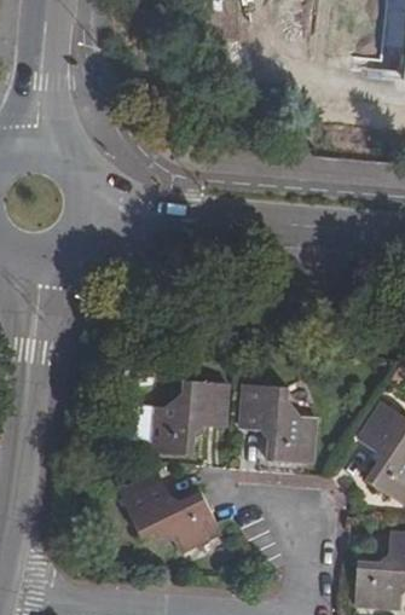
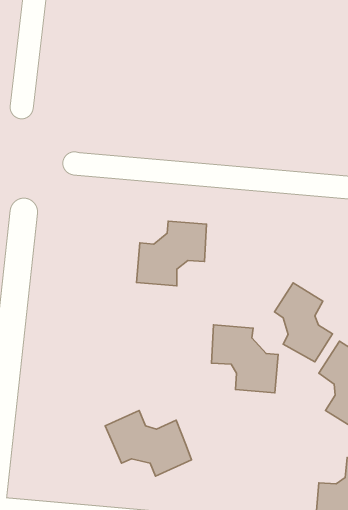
building: none -> [275,283,333,362]
building: [147,381,225,452] -> [136,221,207,286]

